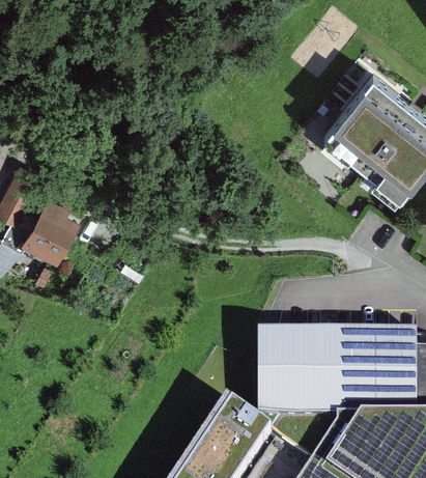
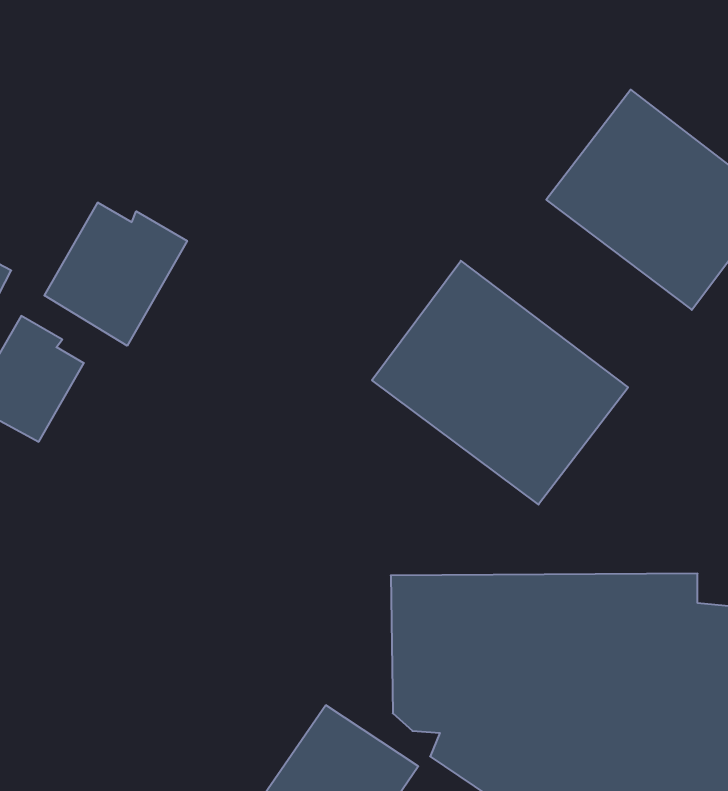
building: none -> [44,202,187,346]
building: none -> [372,261,628,505]

